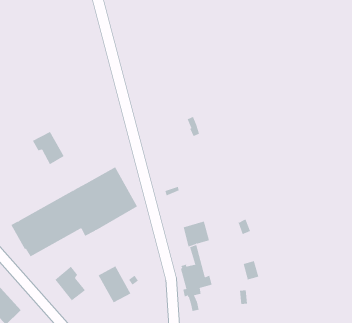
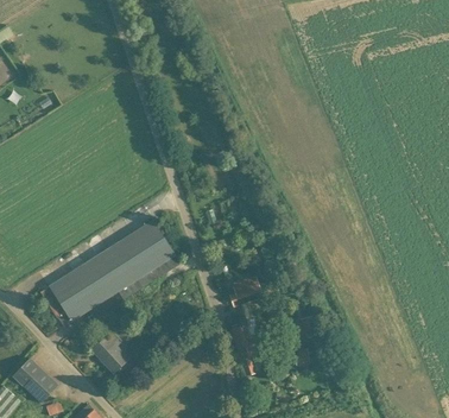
building: [32,131,64,165] -> none
building: [98,266,131,303] -> none

